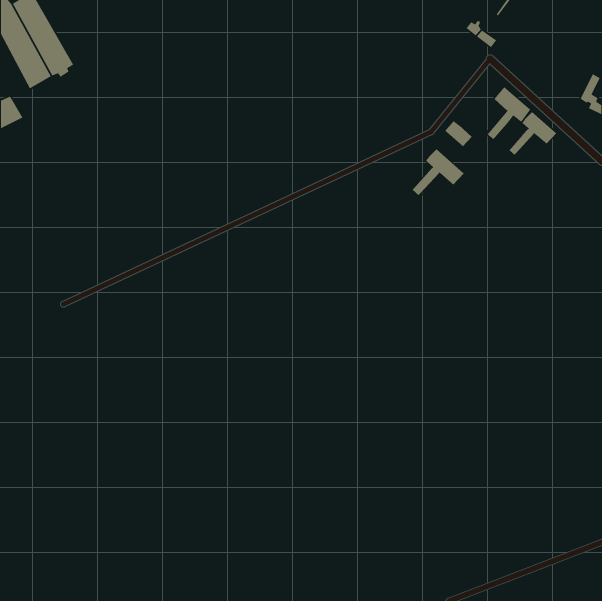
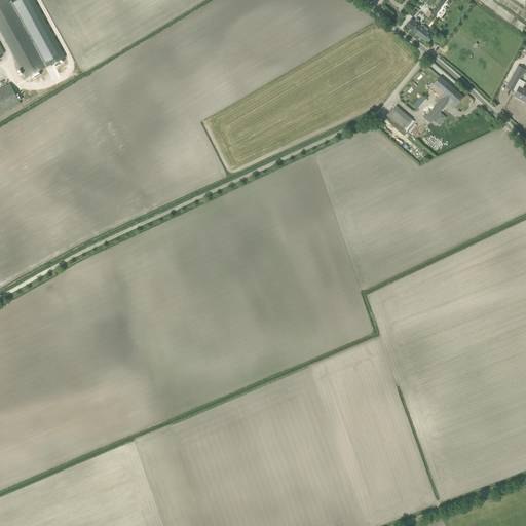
building: [508,111,557,156] -> none
building: [412,149,465,196] -> none

